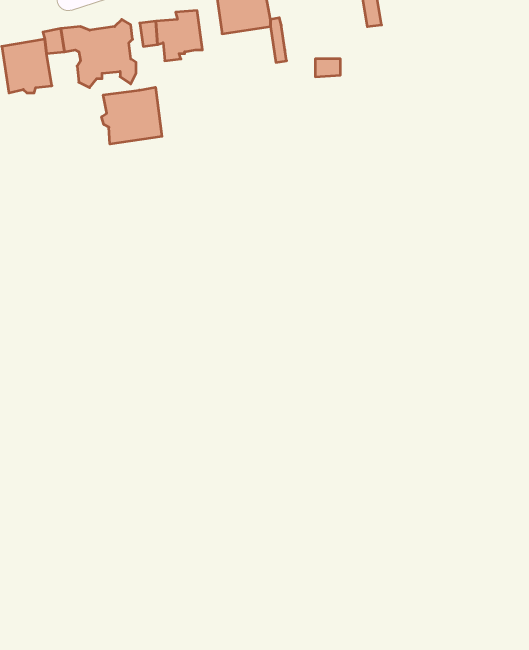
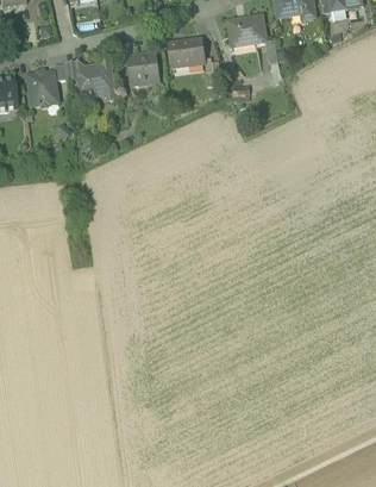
building: [102,87,162,144] -> none

